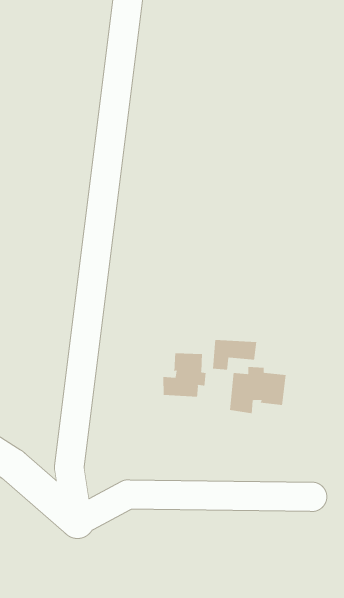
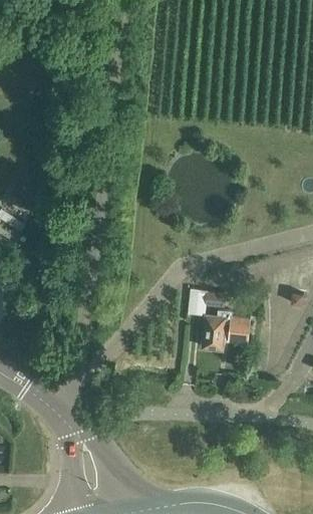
building: [163,353,206,398] -> none

